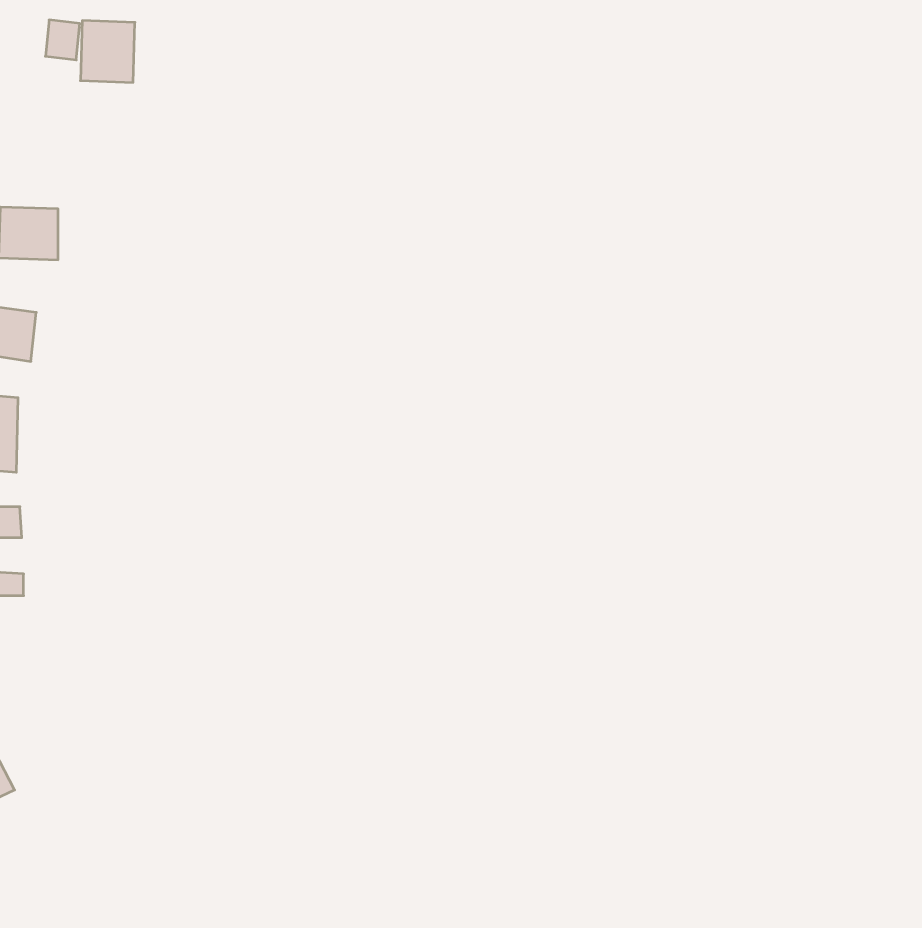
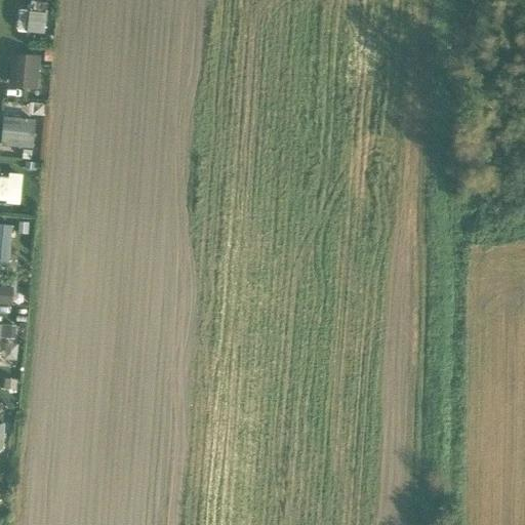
building: [80,21,135,82] -> [7,53,38,88]

